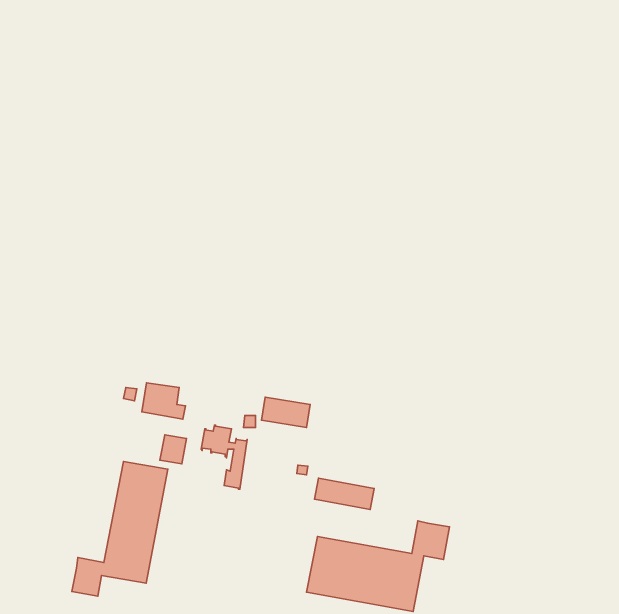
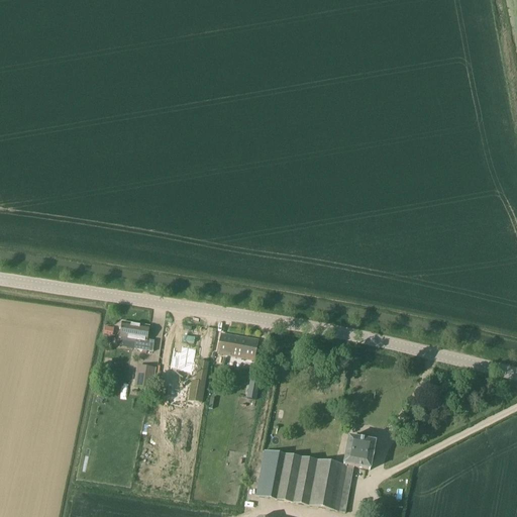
building: [72,462,168,596] -> none
building: [314,478,374,509] -> none

